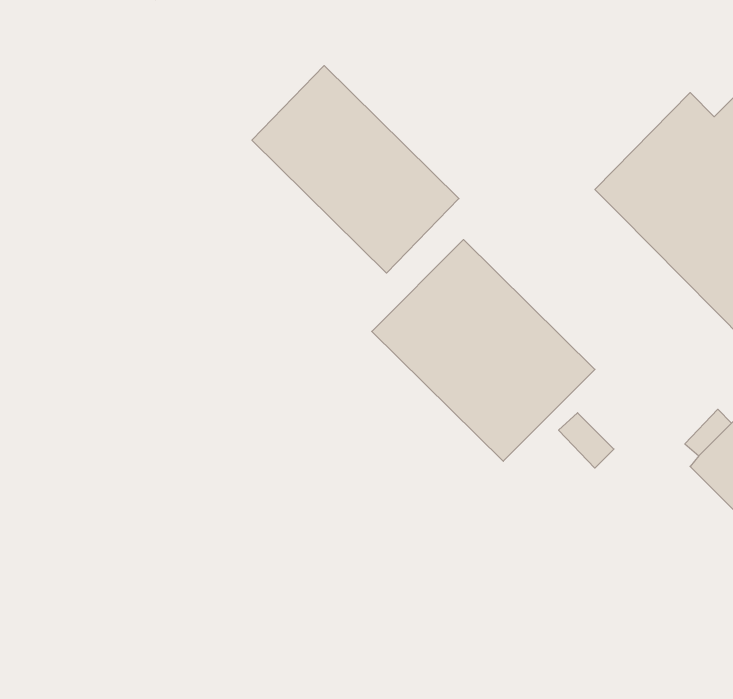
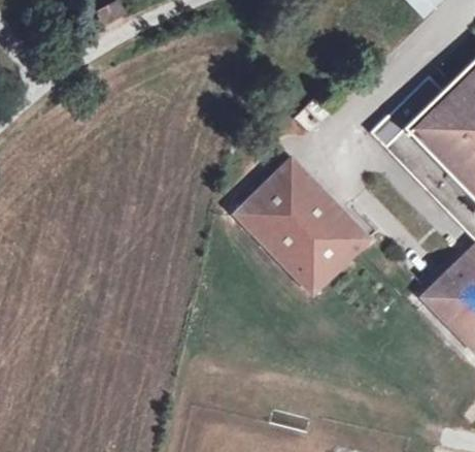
building: [252,66,459,273] -> none

